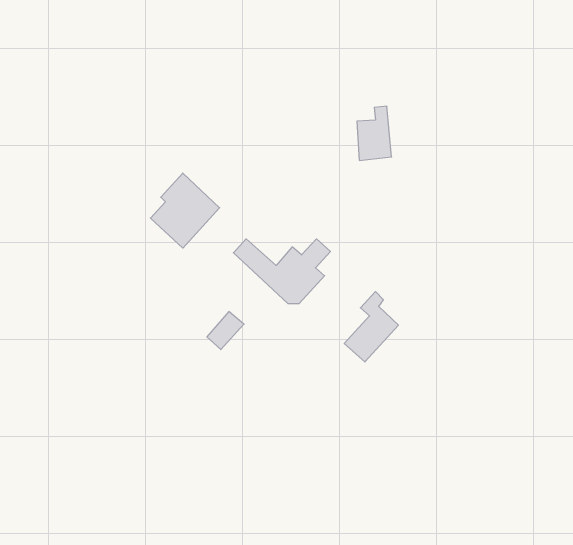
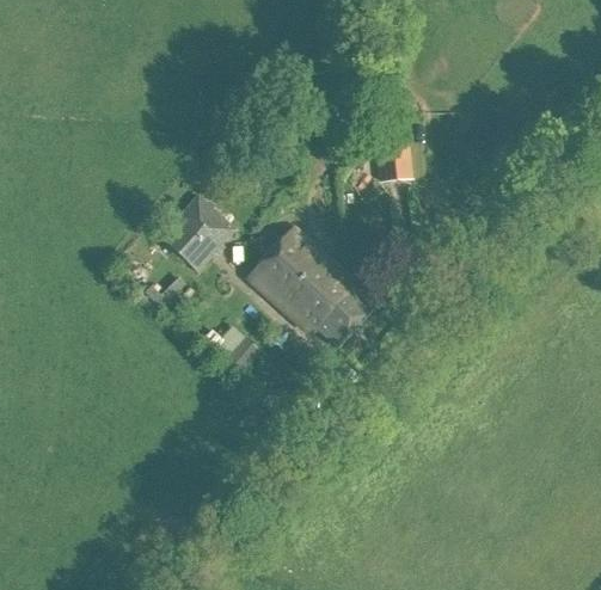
building: none -> [260,226,333,289]
building: [344,292,398,362] -> [315,275,372,348]

